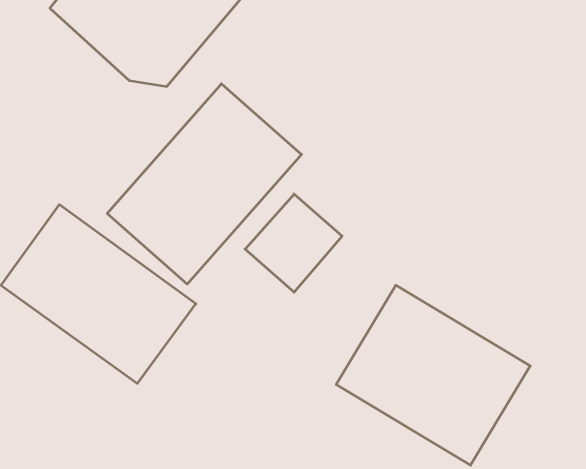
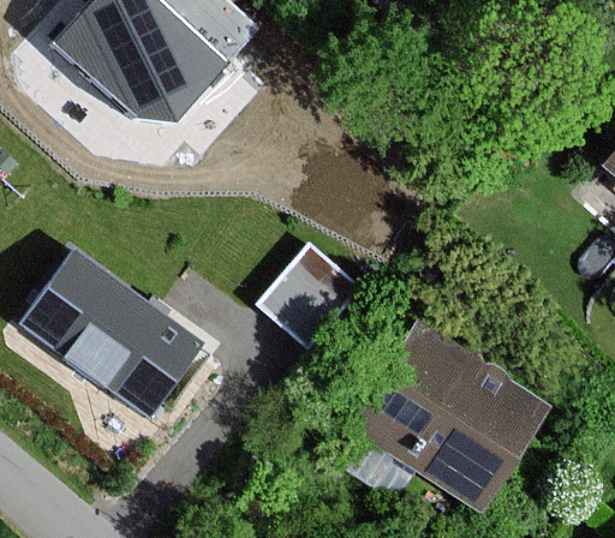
building: [107,84,302,284] -> none

